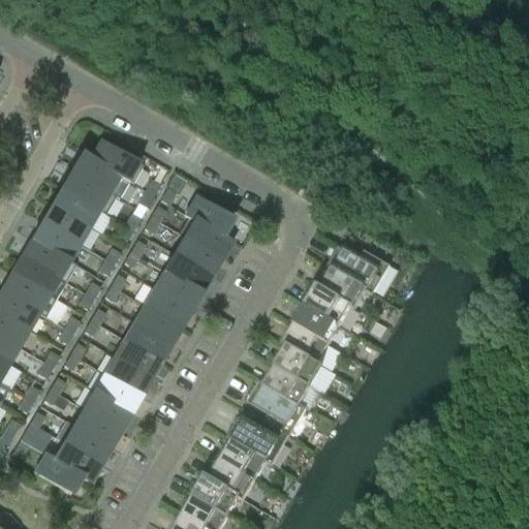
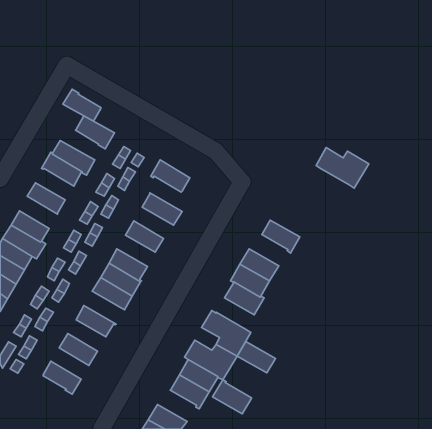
building: [74,153,121,192] -> [63,89,101,121]
building: [44,206,91,244] -> none
building: [178,215,234,258] -> none
building: [25,240,76,282] -> none
building: [326,244,391,293] -> [316,148,369,188]
building: [164,253,213,291] -> none
building: [305,283,352,324] -> none
building: [144,287,190,325] -> none
building: [103,355,153,396] -> none
building: [264,364,311,402] -> [237,342,275,373]
building: [84,391,130,429] -> none
building: [57,421,110,463] -> none
building: [34,453,82,493] -> none
building: [193,473,241,515] -> [213,380,252,414]

